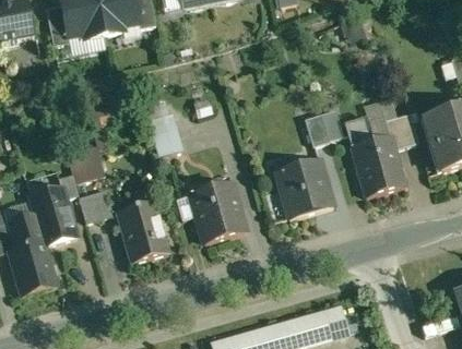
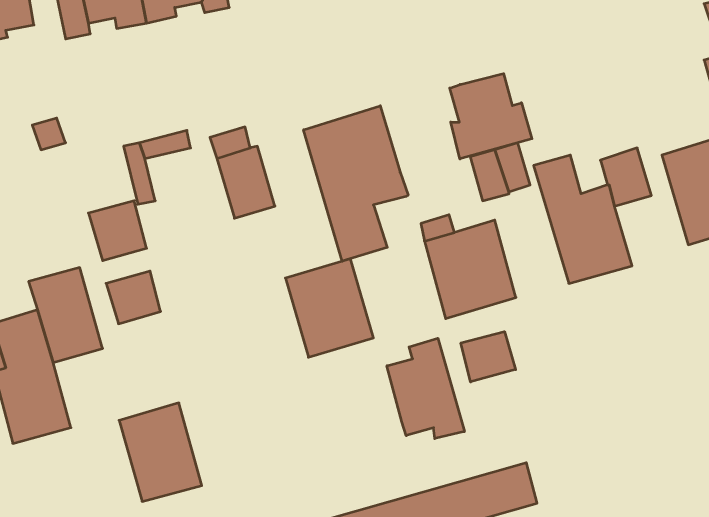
building: none -> [450,74,532,159]
building: none -> [304,106,408,261]
building: [117,200,168,261] -> [119,403,202,501]
building: none -> [461,332,516,382]
building: none -> [387,338,464,439]

